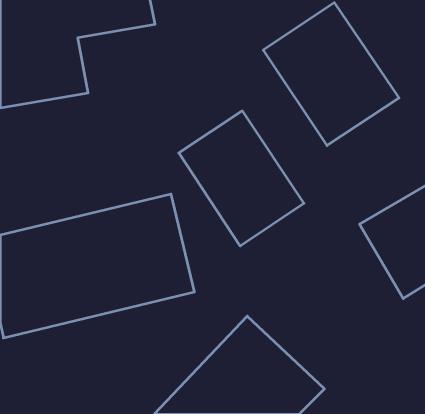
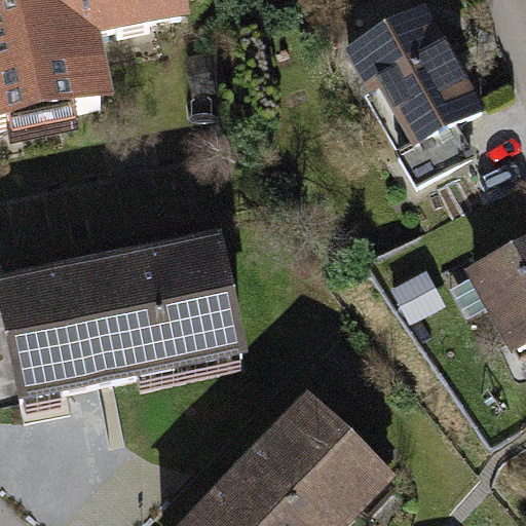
building: [179,111,304,246] -> none

